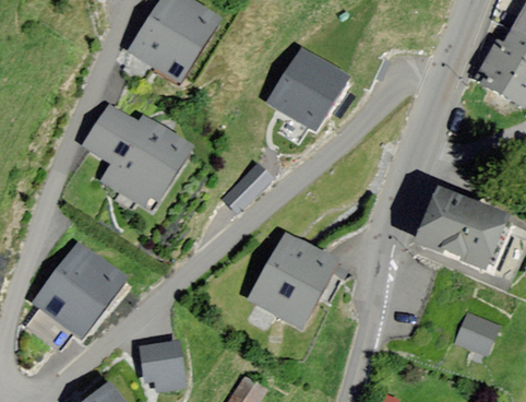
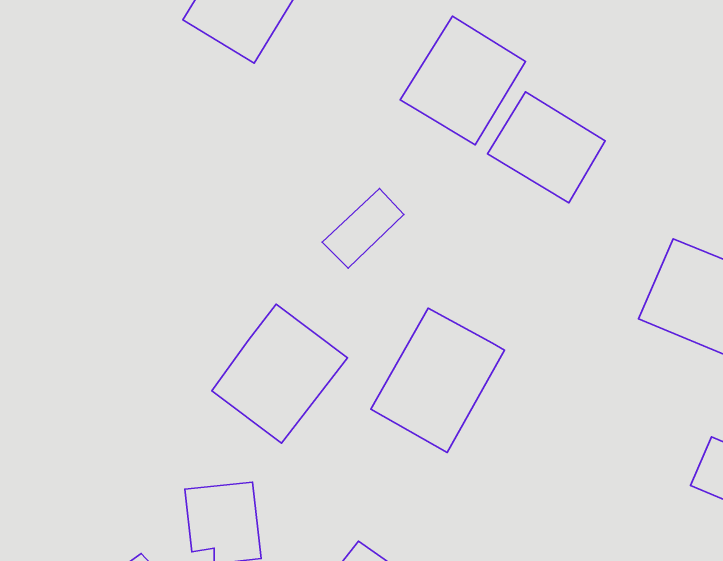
building: none -> [487,92,605,203]
building: [86,108,189,206] -> none
building: [36,247,121,334] -> [212,304,347,443]

